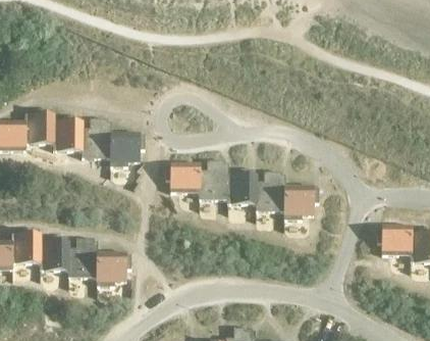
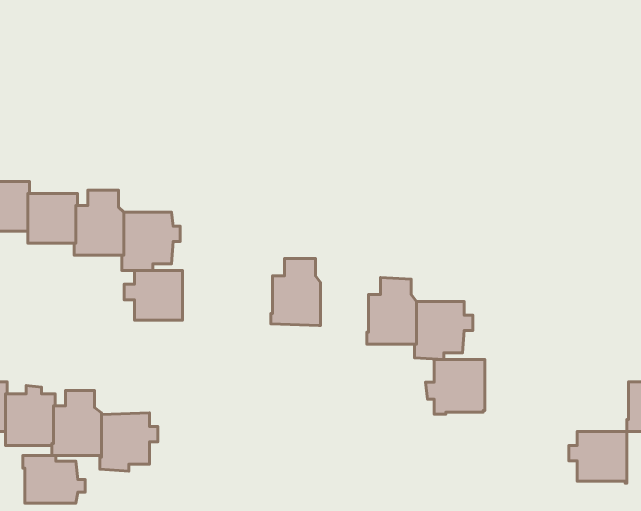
building: [165,162,200,192] -> [124,271,182,320]
building: [227,168,258,203] -> none
building: none -> [426,360,485,414]
building: [377,225,412,255] -> [569,432,627,483]
building: none -> [23,456,85,503]

